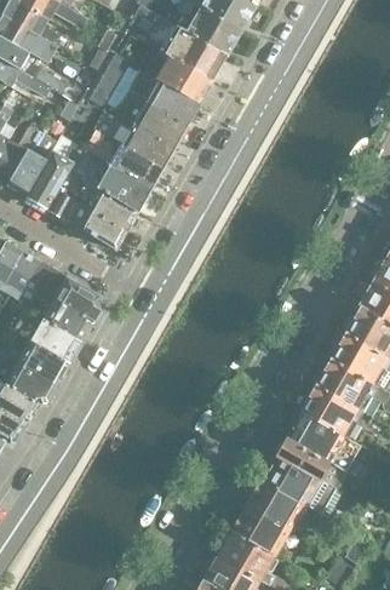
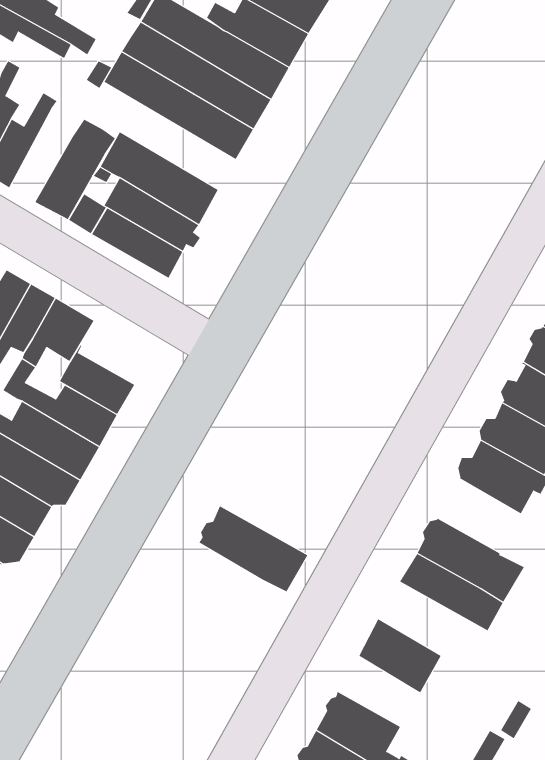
building: [84,127,164,188] -> none
building: [8,132,52,196] -> none
building: [56,277,103,321] -> none
building: [299,385,363,436] -> none
building: [260,456,335,515] -> [198,505,308,592]
building: [233,506,289,555] -> none

